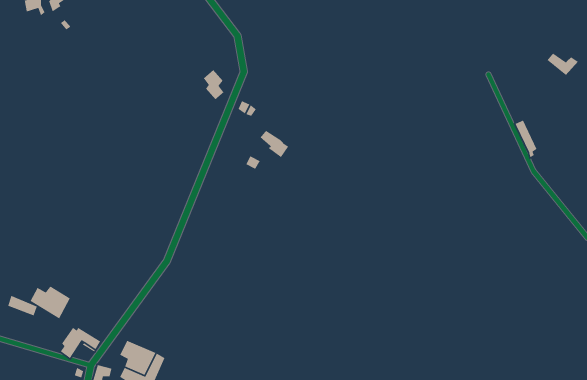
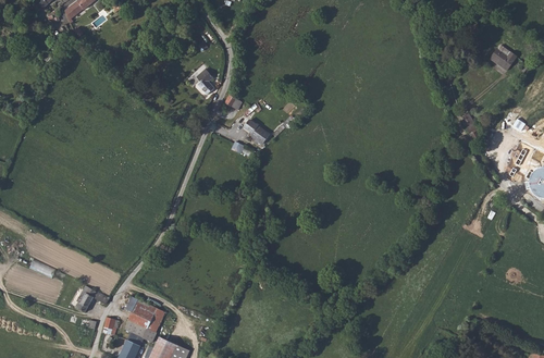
building: [30,285,71,320] -> none

